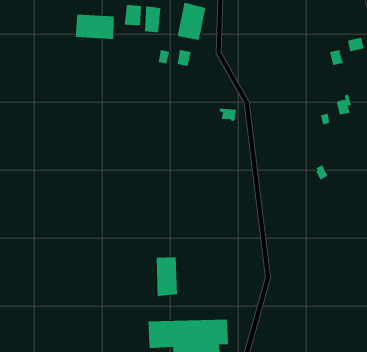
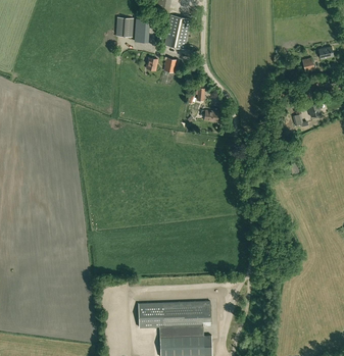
building: [75,14,114,40] -> none
building: [156,256,178,297] -> none

